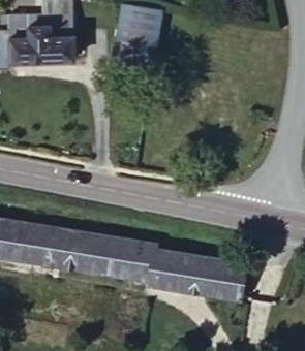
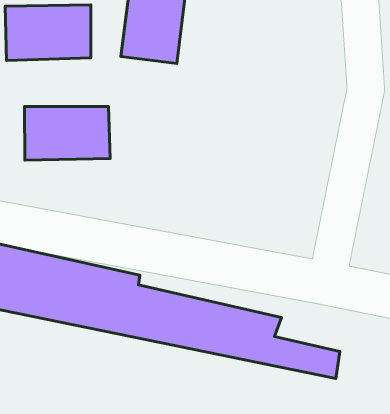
building: none -> [25,106,110,160]

